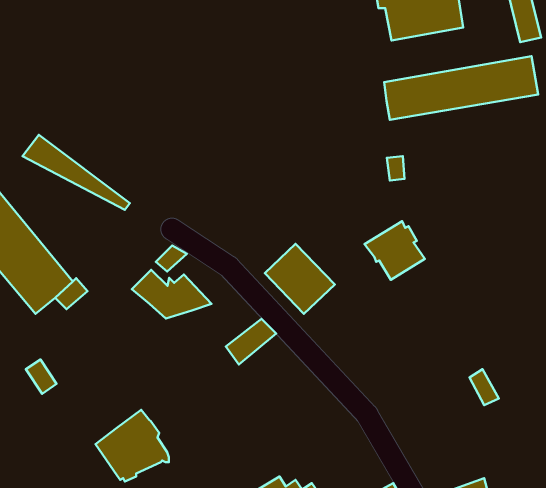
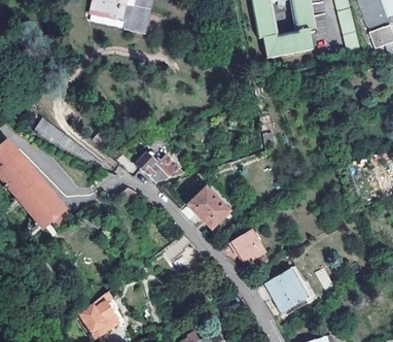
building: [384,56,538,120] -> none
building: [365,221,425,280] -> [229,229,267,266]
building: [132,270,211,318] -> [134,151,184,182]
building: none -> [264,265,315,312]

